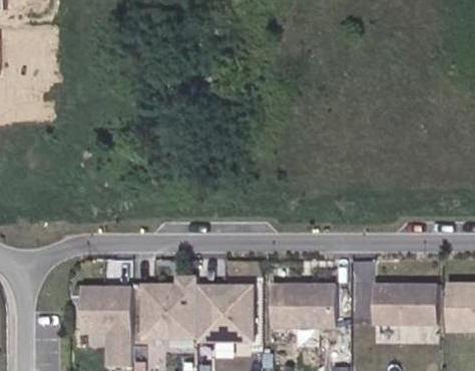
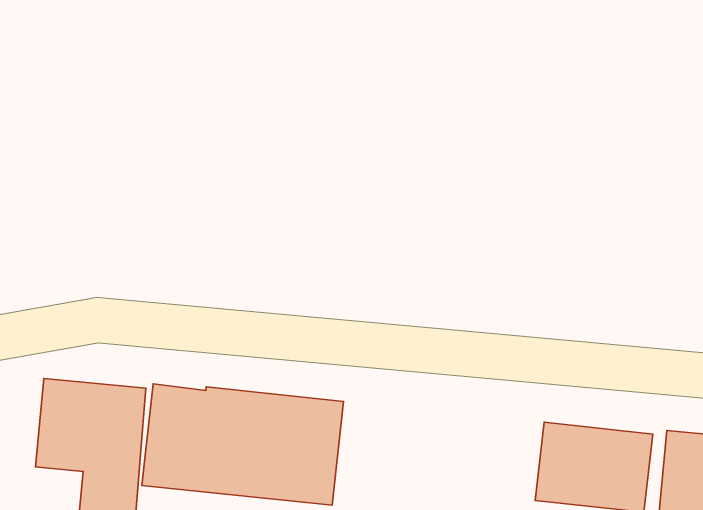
building: [272,282,337,329] -> none

